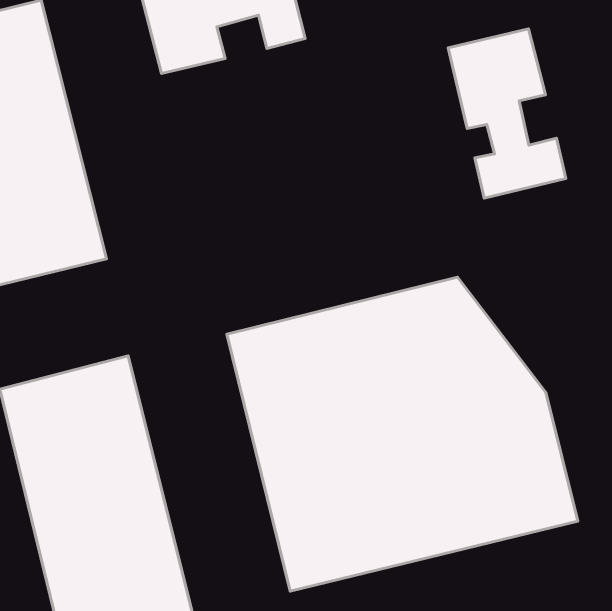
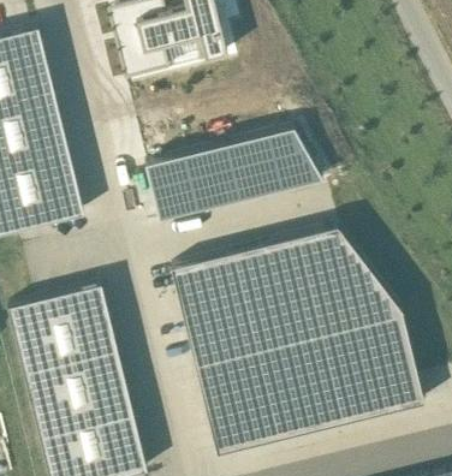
building: [448,29,566,198] -> none
building: none -> [145,129,323,221]

